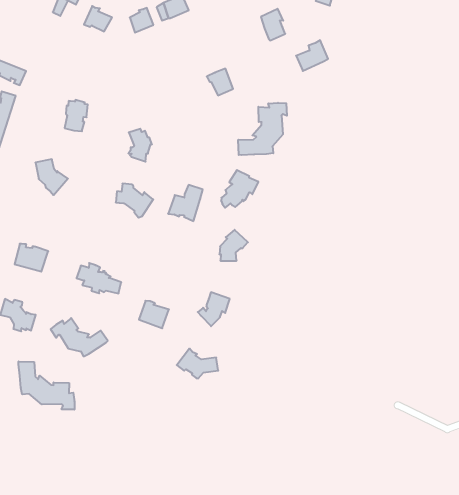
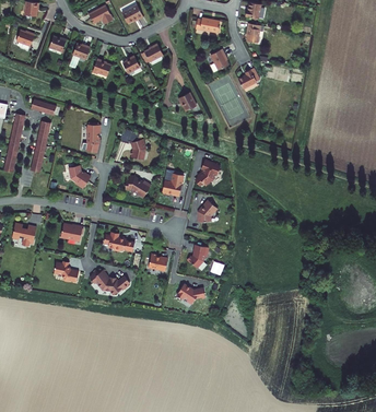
building: [238,103,287,155] -> none
building: [18,361,74,410] -> none

